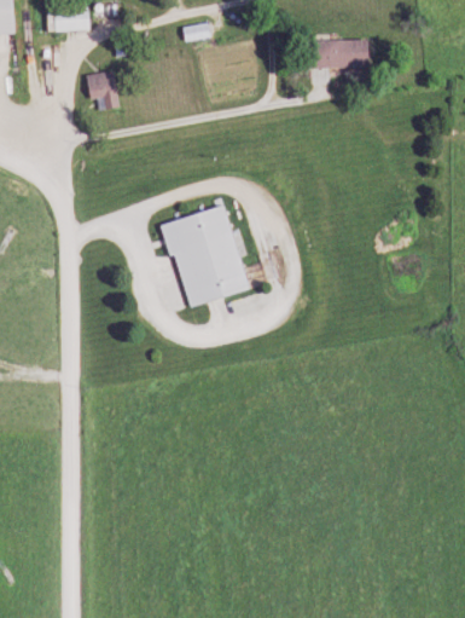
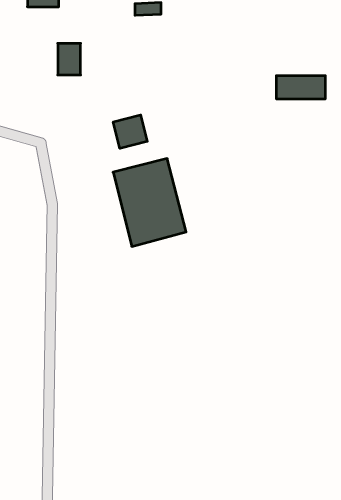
building: [304,40,361,67] -> [276,76,325,99]
building: none -> [113,115,147,148]

